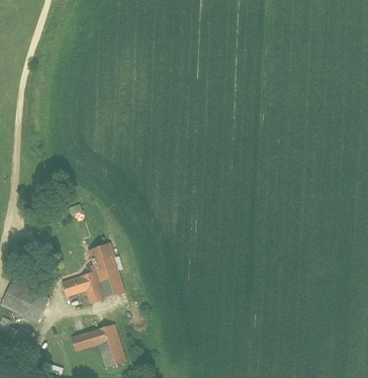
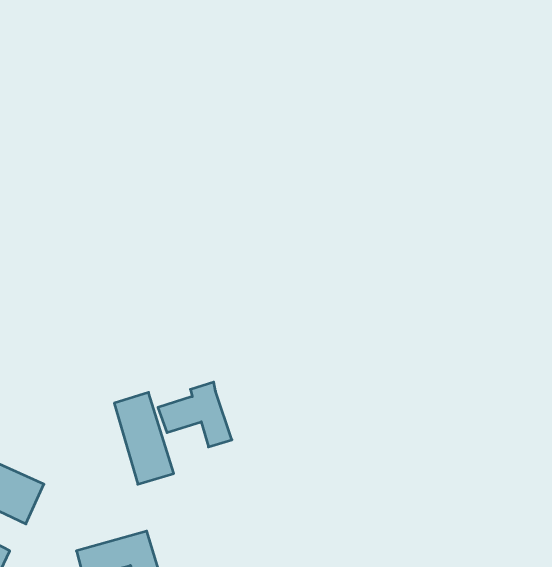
building: [62,267,103,303] -> [158,382,232,447]

